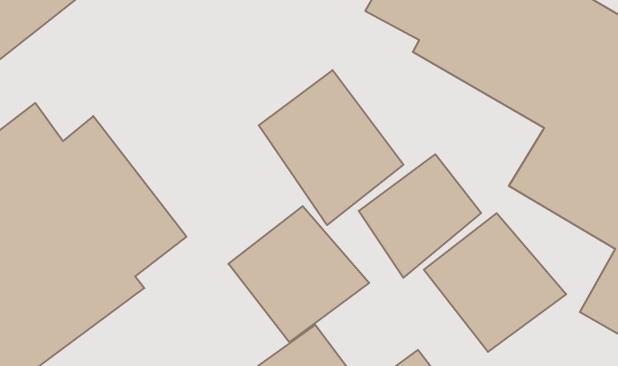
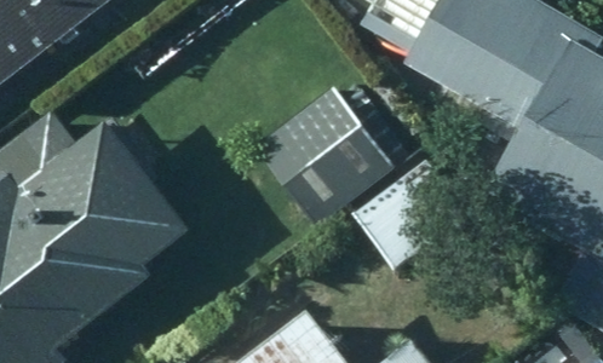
building: [228,206,369,342] -> none
building: [424,213,566,352] -> none

